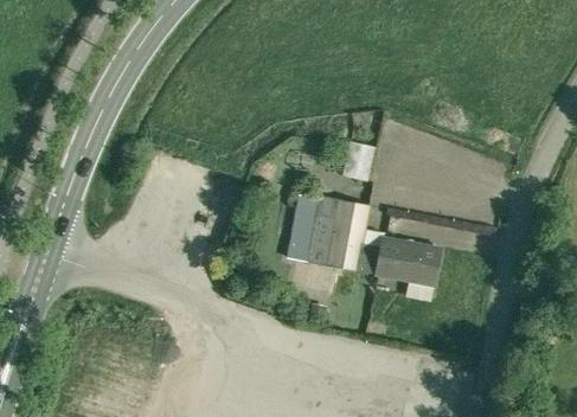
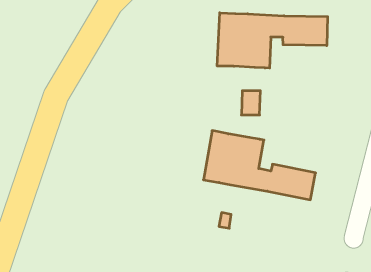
building: none -> [217,13,328,68]

